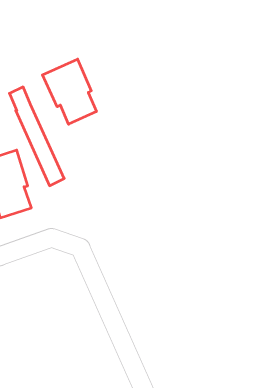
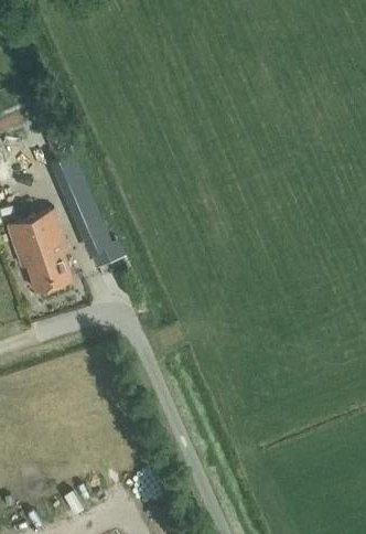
building: [42,59,96,124] -> none

